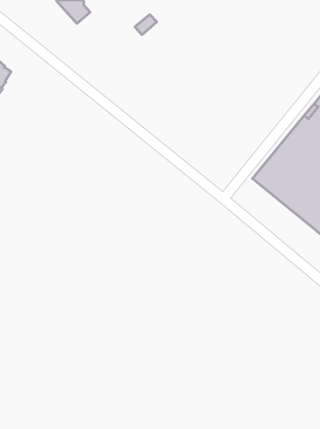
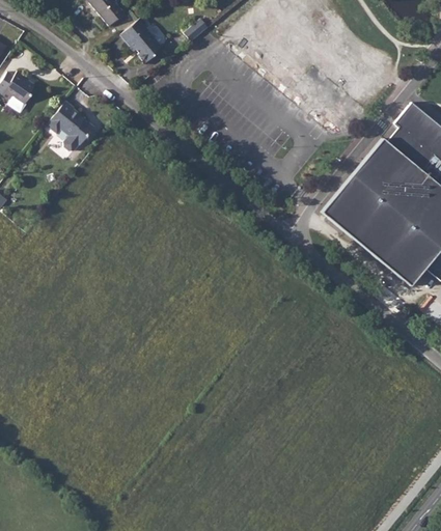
building: none -> [126,17,167,64]
building: none -> [46,101,89,150]

